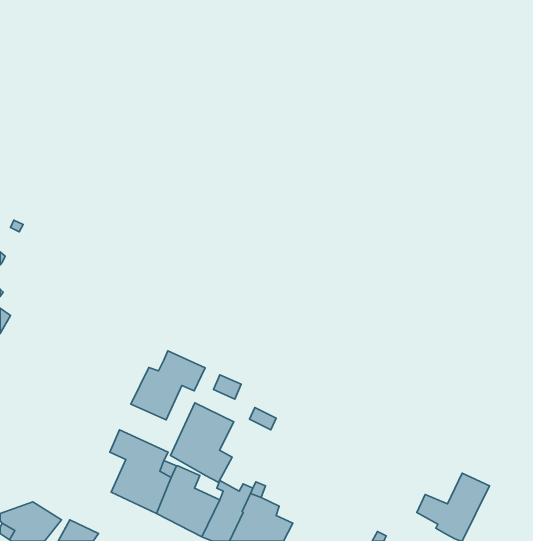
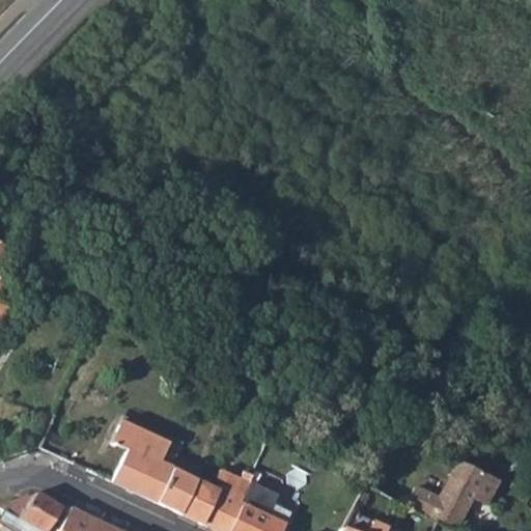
building: [131,351,205,420] -> none
building: [170,403,234,482] -> none

